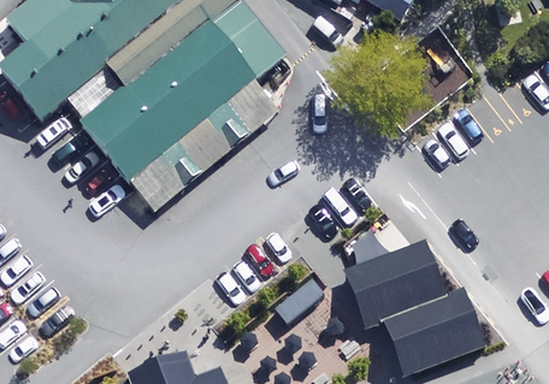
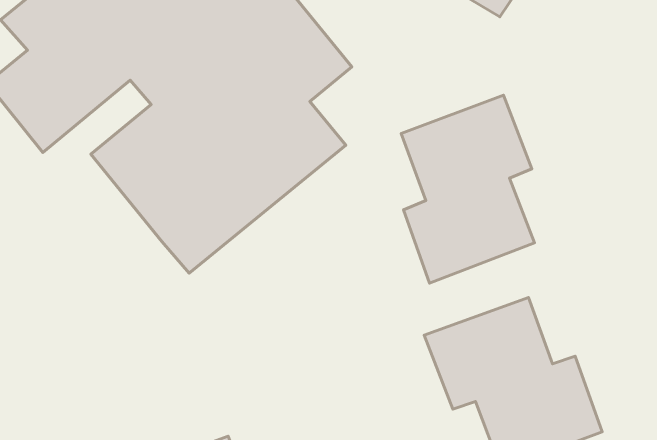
building: none -> [401,95,534,283]

